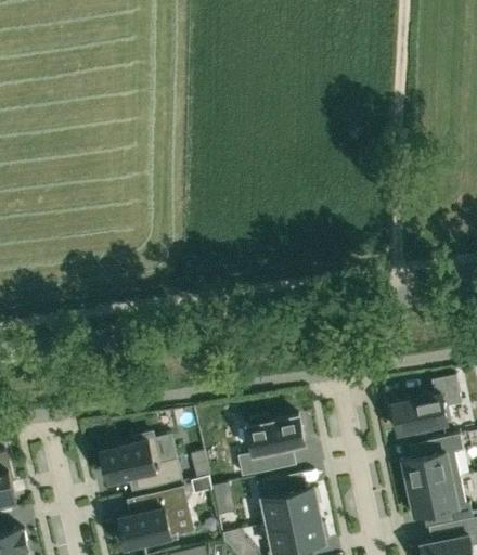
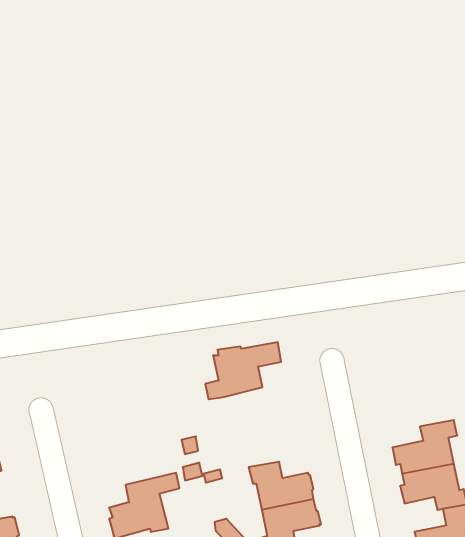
building: [387,377,456,437] -> none
building: [232,415,307,472] -> [205,342,281,399]
building: [101,435,180,489] -> none

